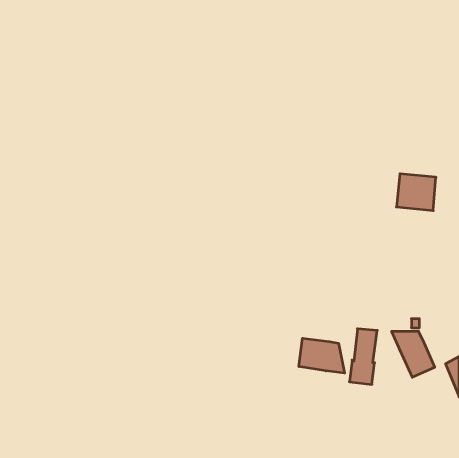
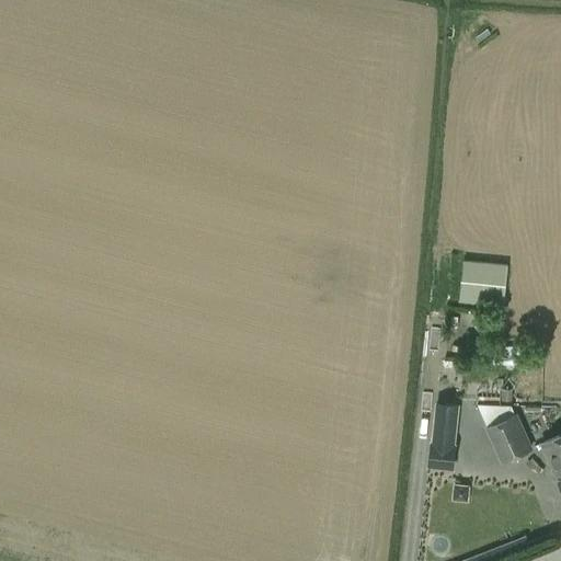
building: [396,174,436,211] -> [459,261,507,306]
building: [299,338,345,373] -> none

